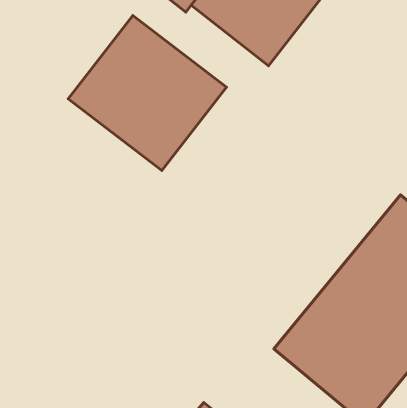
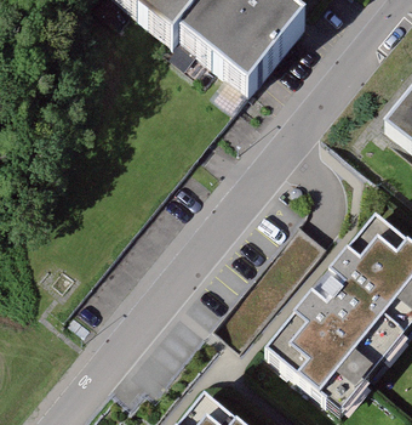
building: [68,16,227,171] -> none

